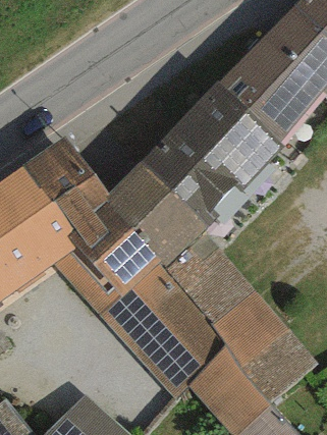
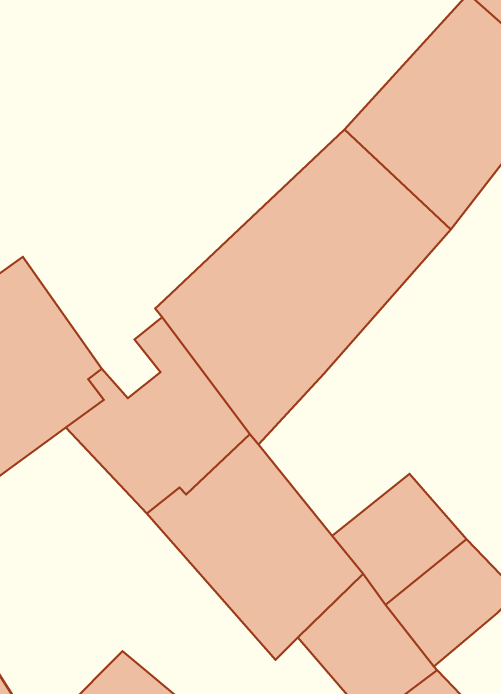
building: [26,134,109,247] -> none
building: [166,232,256,328] -> none

